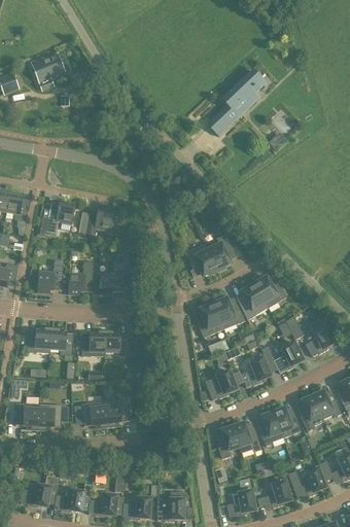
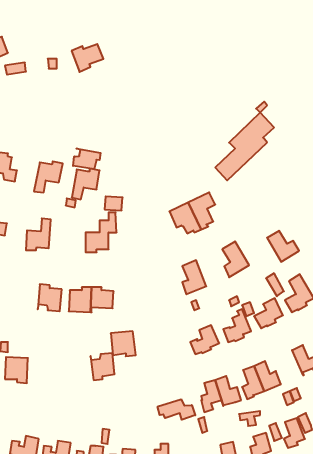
building: [30,55,63,83] -> [72,44,103,72]
building: [206,65,267,135] -> [215,113,274,180]
building: none -> [73,149,101,169]
building: [67,261,92,294] -> none
building: [252,276,285,308] -> [267,231,299,262]
building: [212,297,244,329] -> none
building: [26,327,50,353] -> none
building: [301,395,322,426] -> none
building: [80,401,106,427] -> [111,331,136,356]
building: [37,403,61,429] -> none
building: none -> [158,399,195,420]

